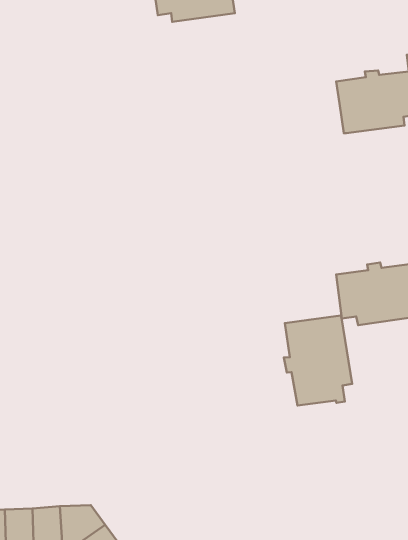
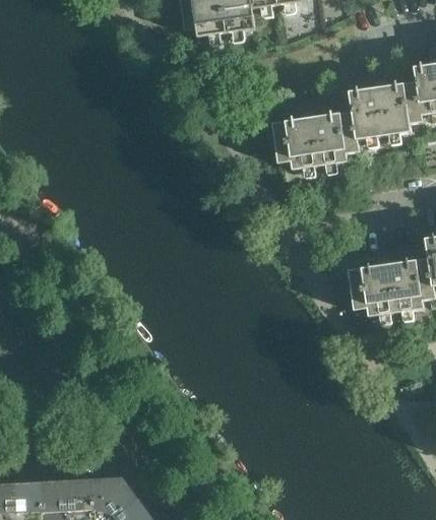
building: none -> [273,111,361,169]
building: [284,315,352,406] -> none

